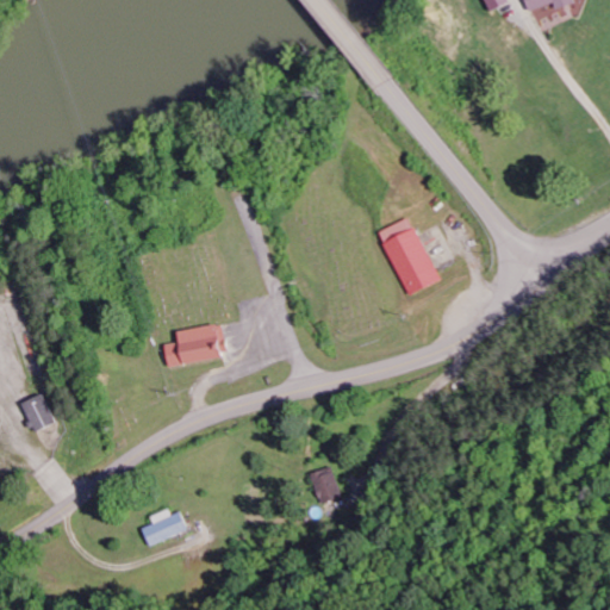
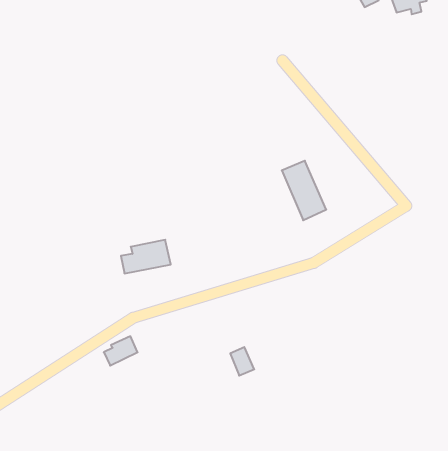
building: [18,391,54,431] -> none
building: [142,506,187,546] -> [104,336,138,366]

